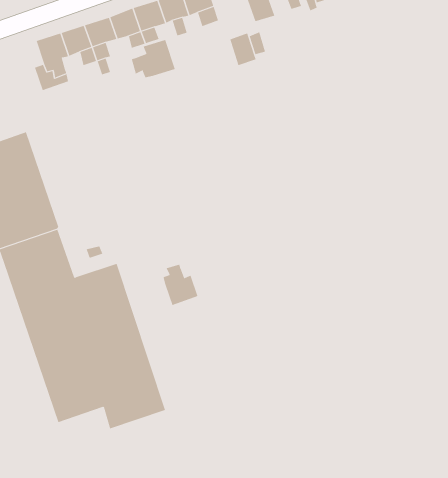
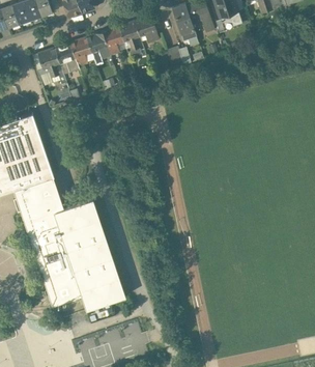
building: [131,39,176,78] -> none
building: [163,264,198,306] -> none

